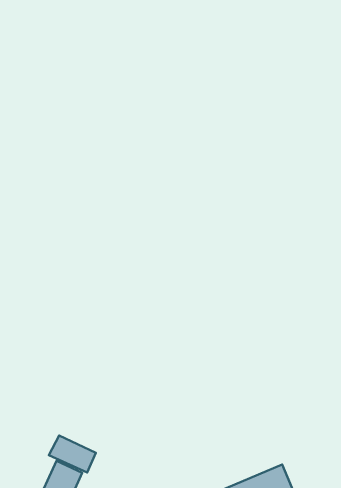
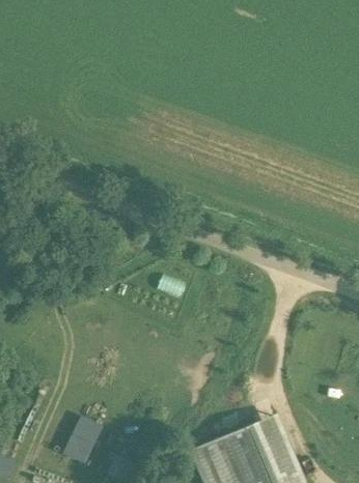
building: [49,435,96,473] -> none

